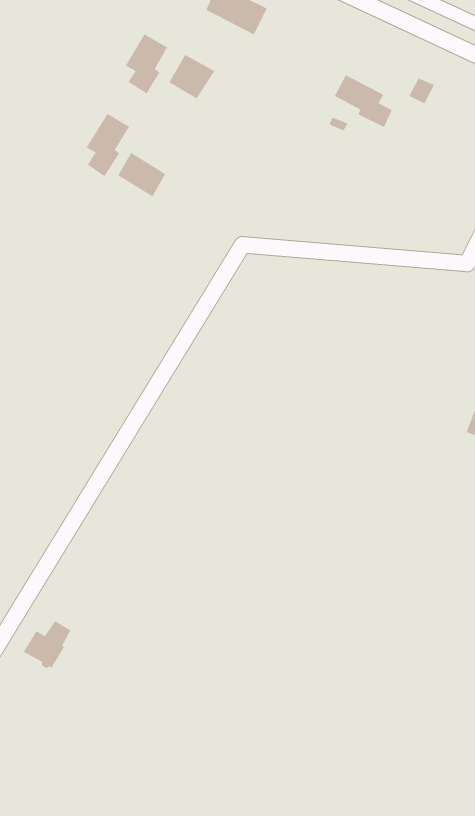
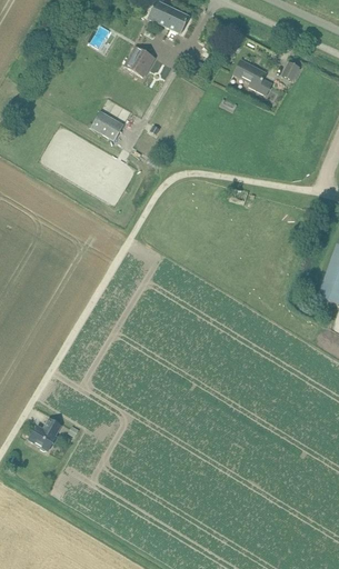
building: [125,33,168,95] -> none
building: [85,113,130,177] -> none

